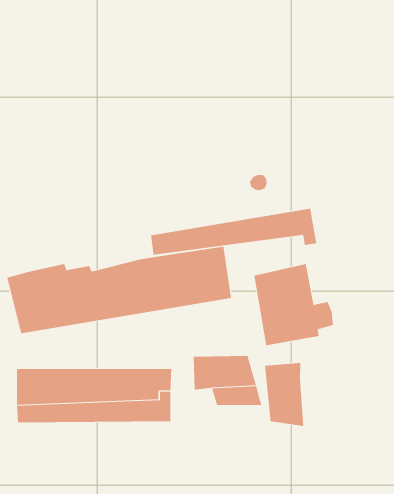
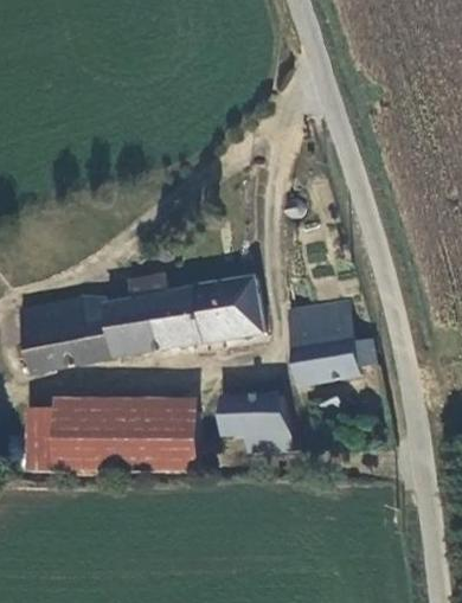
building: [151,208,317,256] -> none
building: [265,362,304,427] -> none

